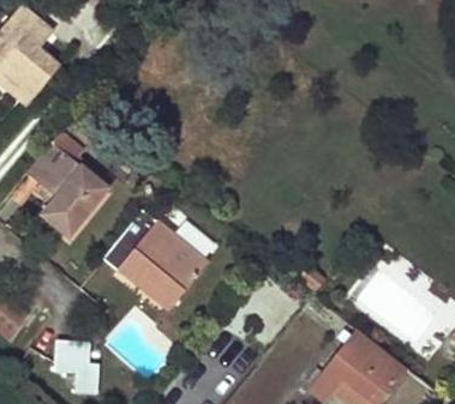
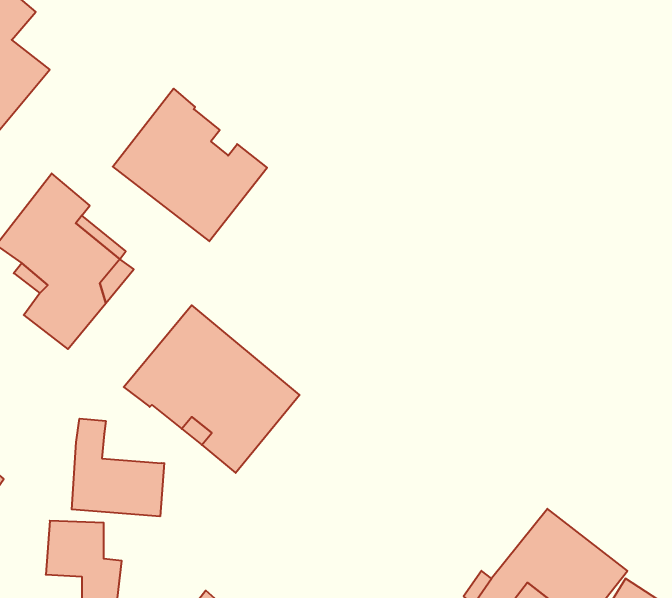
building: none -> [113,89,267,241]
building: none -> [72,419,164,516]

